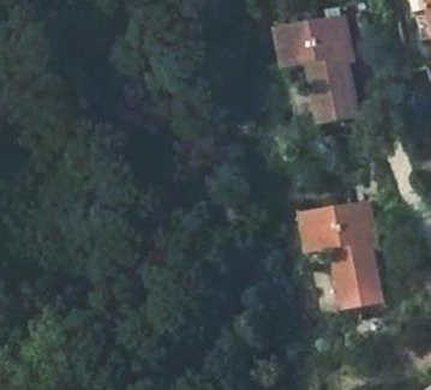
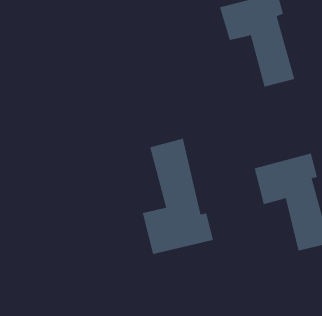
building: none -> [142,138,213,255]

